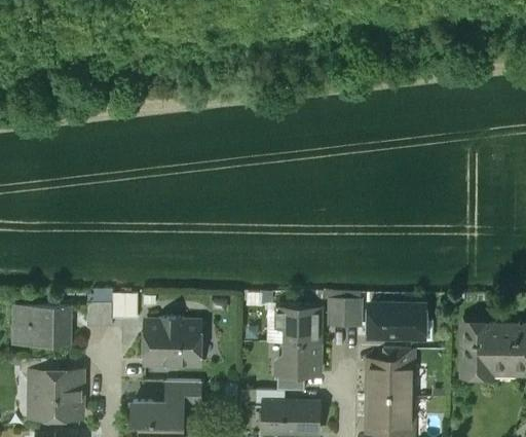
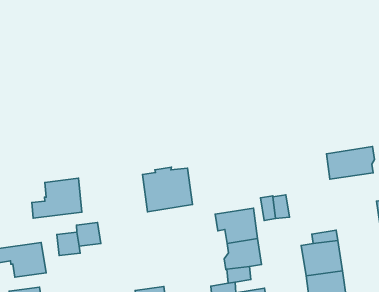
building: none -> [32,178,82,218]
building: [369,306,424,337] -> [327,146,375,179]
building: [146,319,200,366] -> [142,167,193,212]

